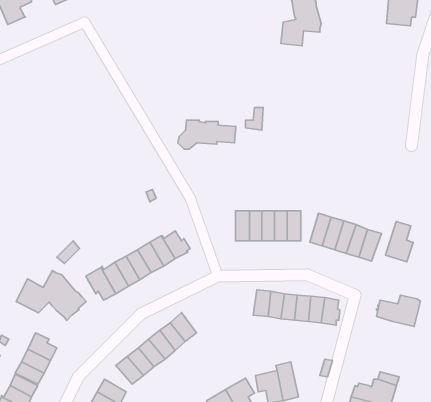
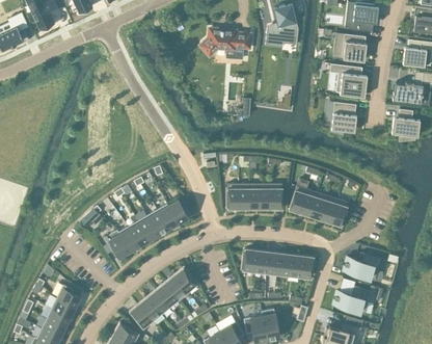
building: none -> [334,33,366,62]
building: none -> [329,64,367,98]
building: none -> [331,102,356,134]
building: [178,120,236,149] -> [201,30,249,54]
building: [386,222,413,262] -> none
building: [16,270,86,321] -> none
building: none -> [333,286,371,314]

